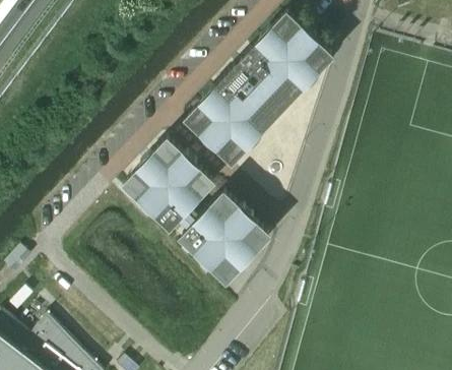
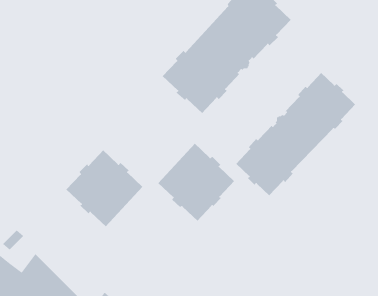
building: none -> [235,72,356,196]
building: [124,143,210,230] -> [66,149,143,227]

